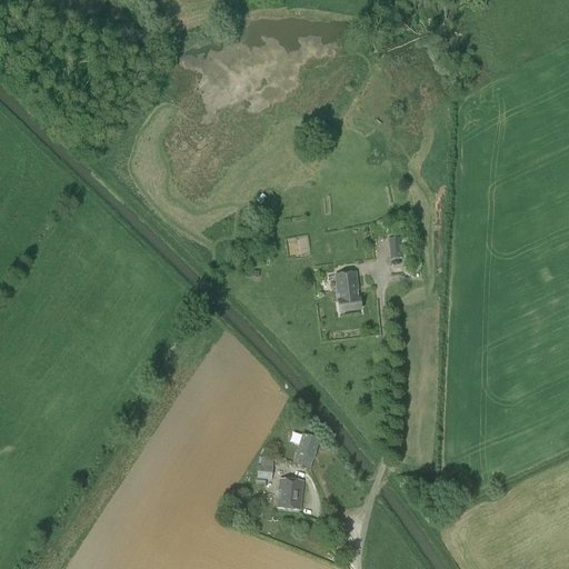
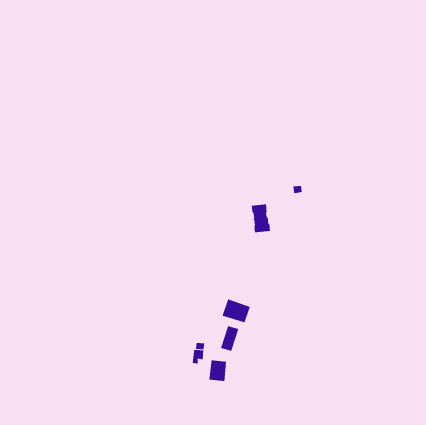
building: none -> [222,299,250,323]

